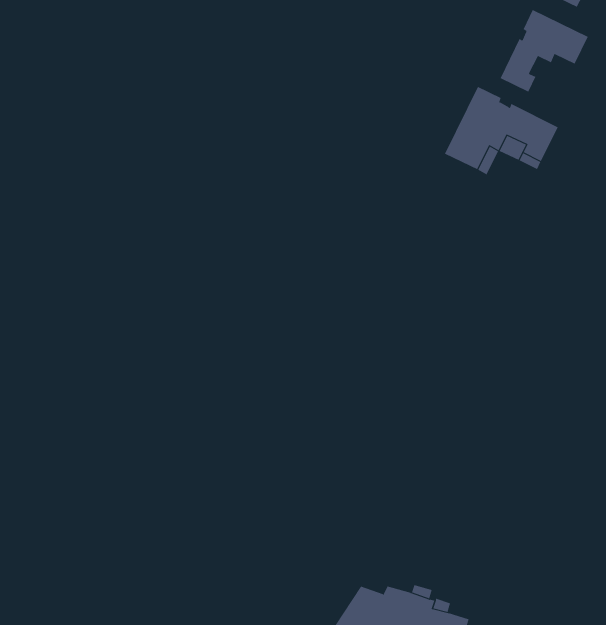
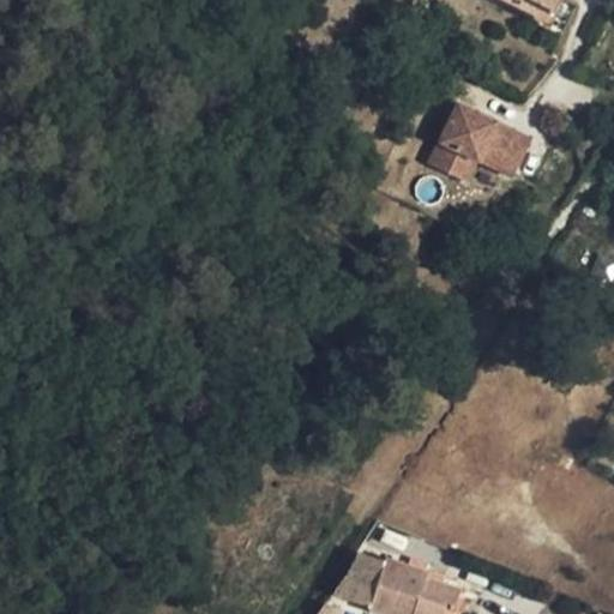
building: [500,9,589,92] -> none

